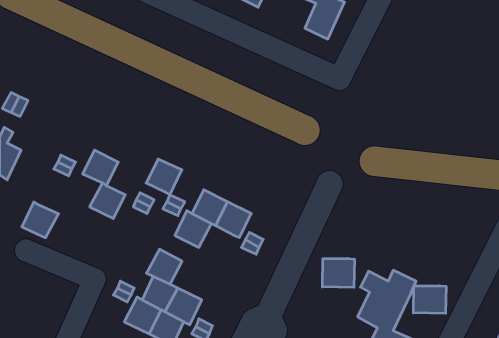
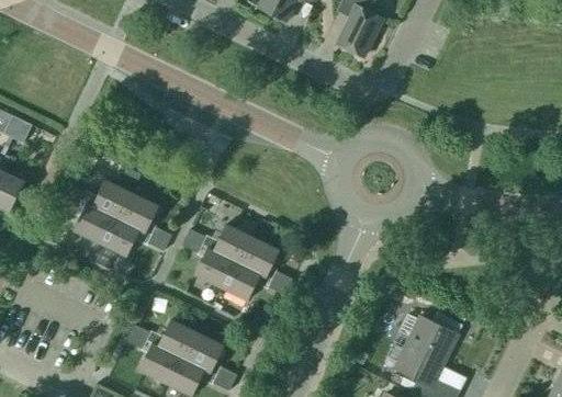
building: [146,159,182,195] -> [119,193,158,232]
building: [22,202,59,238] -> [74,203,114,242]
building: [146,249,182,284] -> [221,261,260,299]
building: [322,258,354,287] -> none
building: [413,286,446,313] -> none

